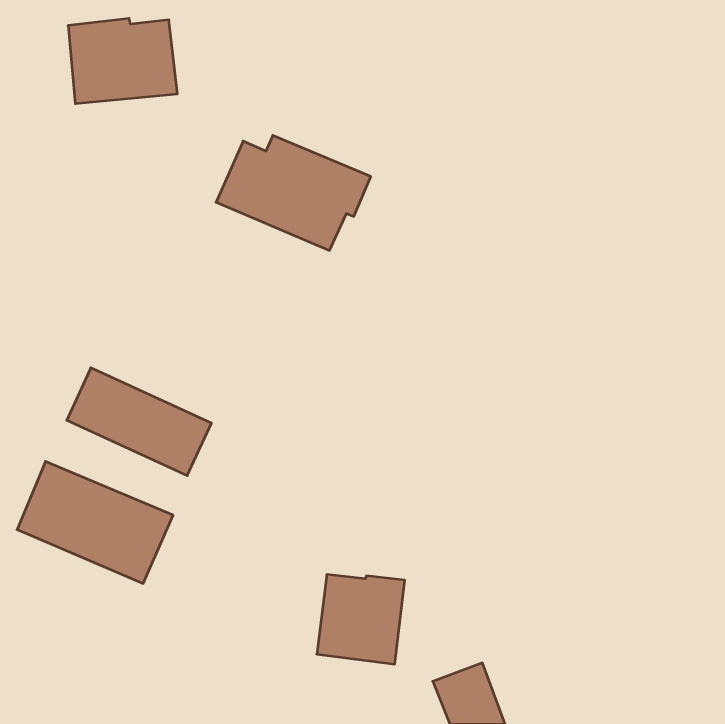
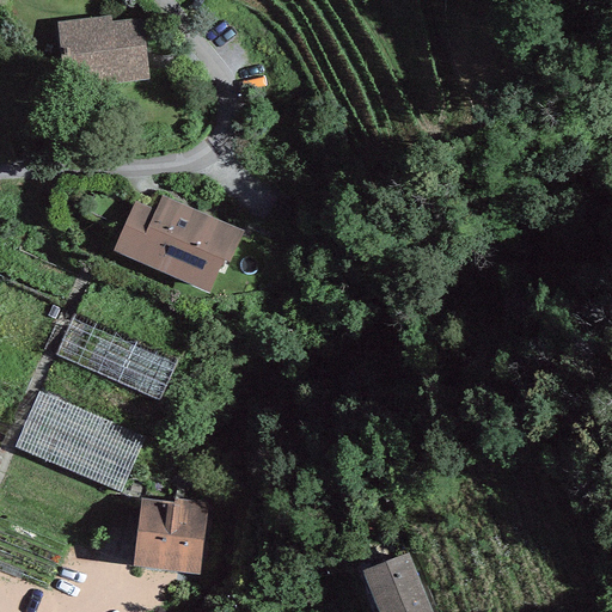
building: [216,135,371,250] -> [112,195,243,292]
building: [317,575,405,664] -> [133,497,207,573]

